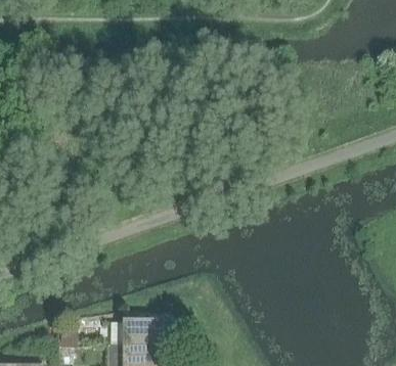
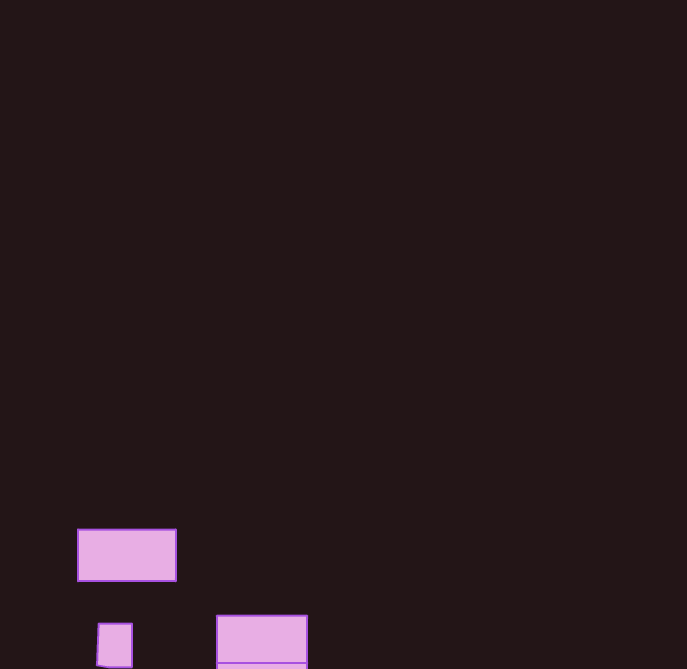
building: none -> [78,529,176,581]

